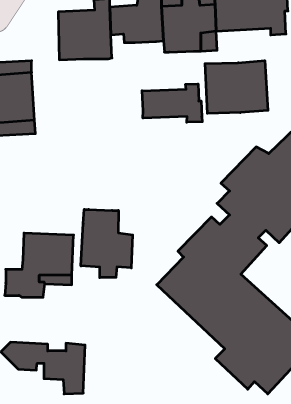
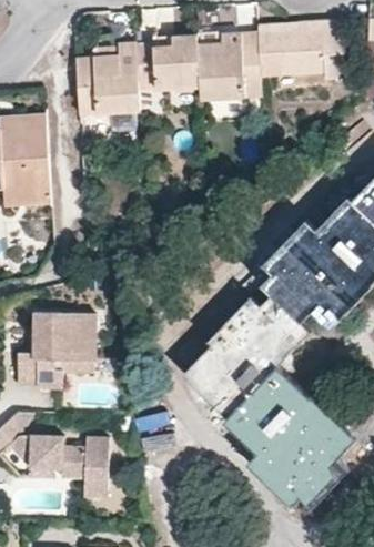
building: [205,61,268,113] -> none
building: [142,84,202,122] -> none
building: [81,209,133,278] -> none

